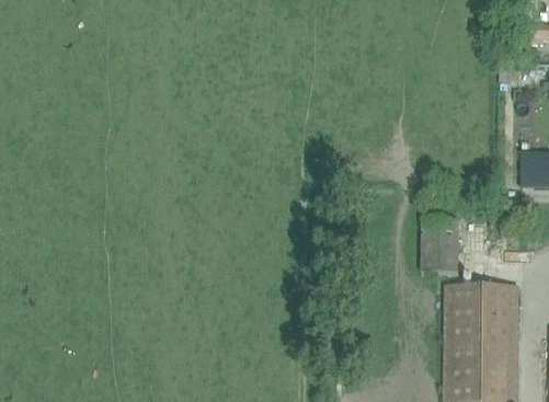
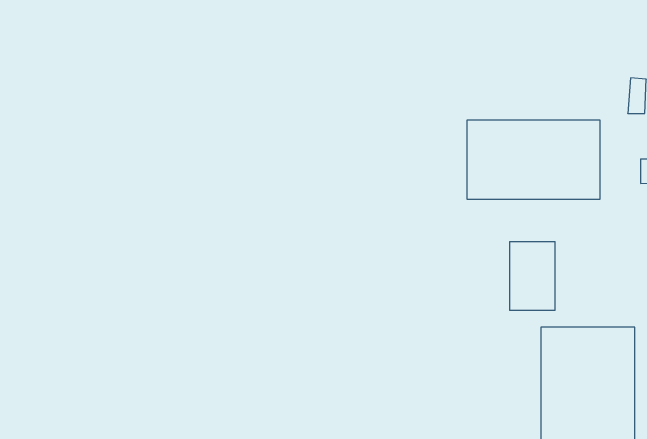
building: none -> [467,120,600,199]

